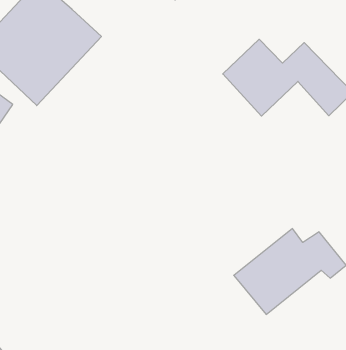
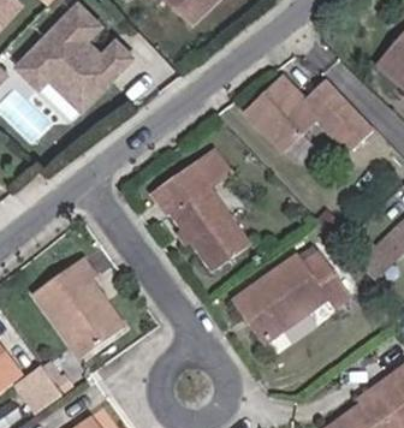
building: none -> [158,142,252,266]
building: none -> [35,262,121,359]

